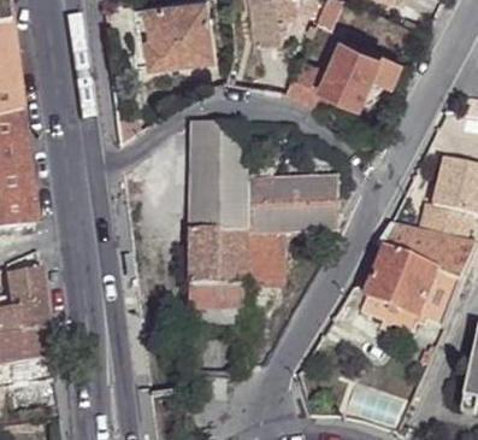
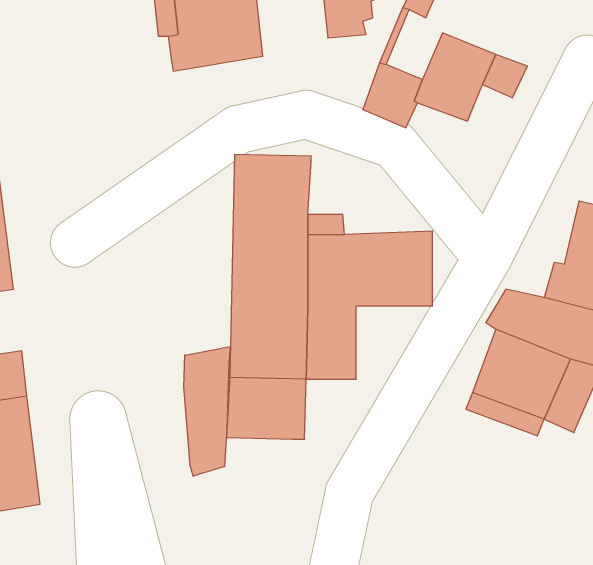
building: none -> [184,347,230,476]

